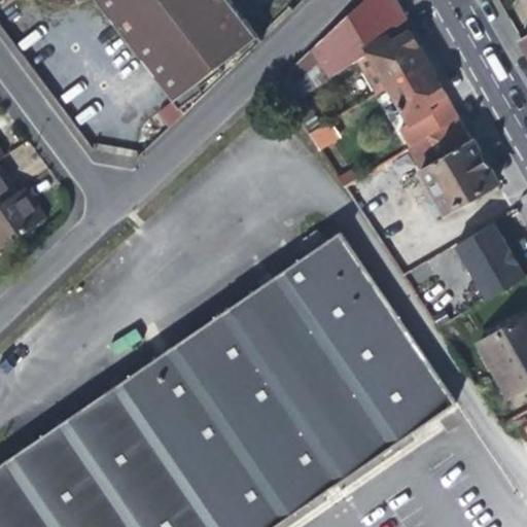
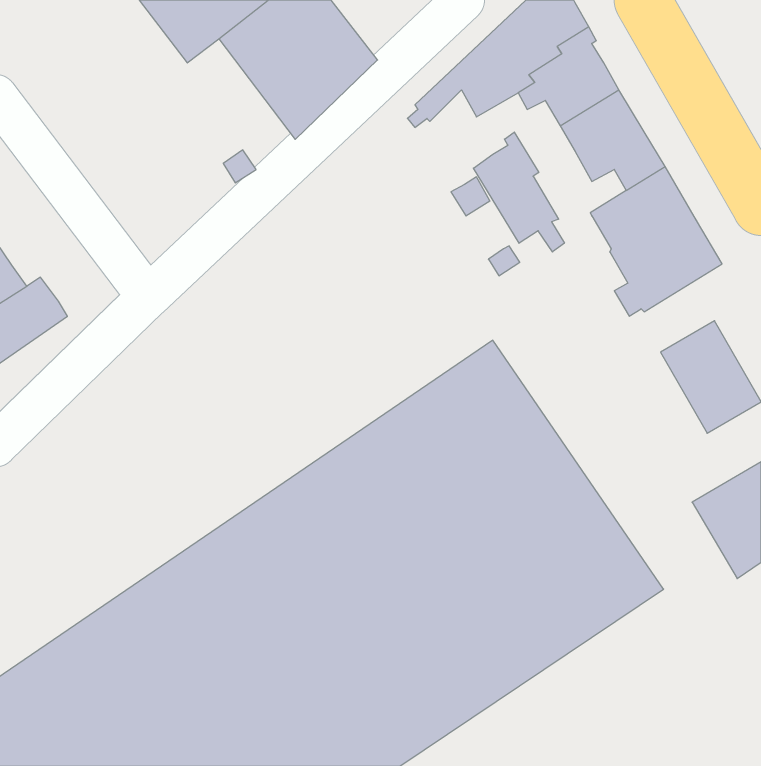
building: [129,27,203,114] -> none
building: none -> [473,132,564,252]

